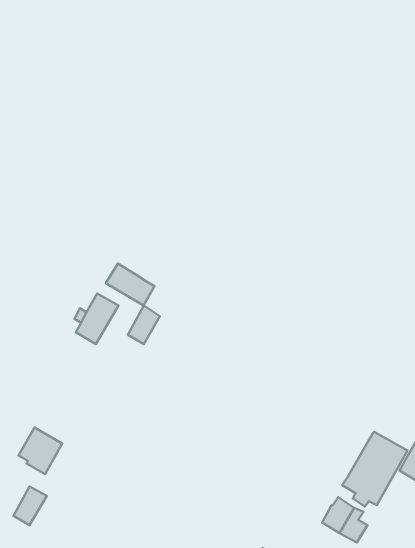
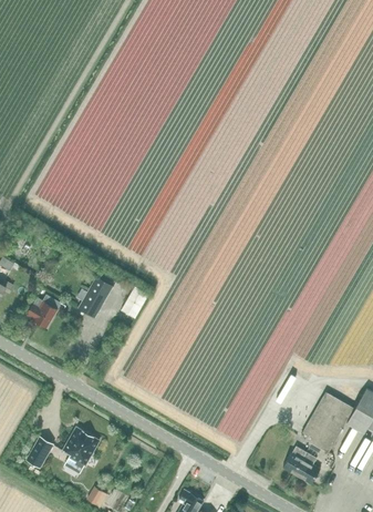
building: [106,264,154,305] -> none
building: none -> [28,294,61,327]
building: [18,427,62,474] -> [63,427,100,465]

